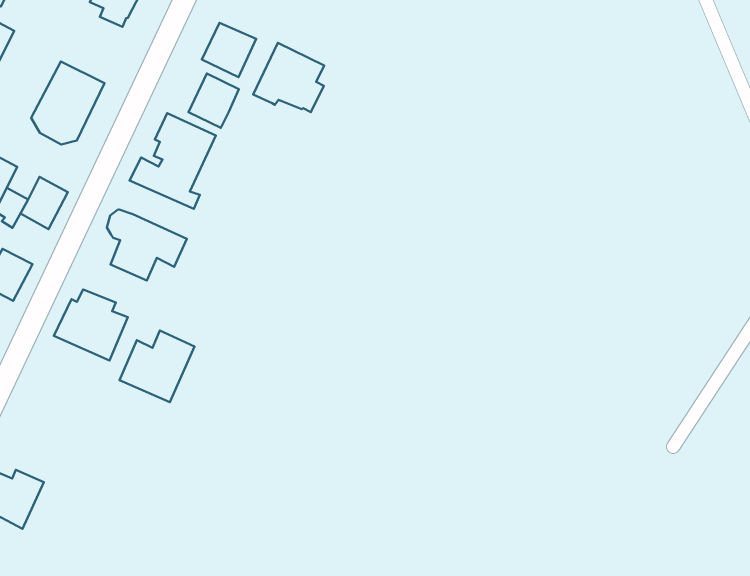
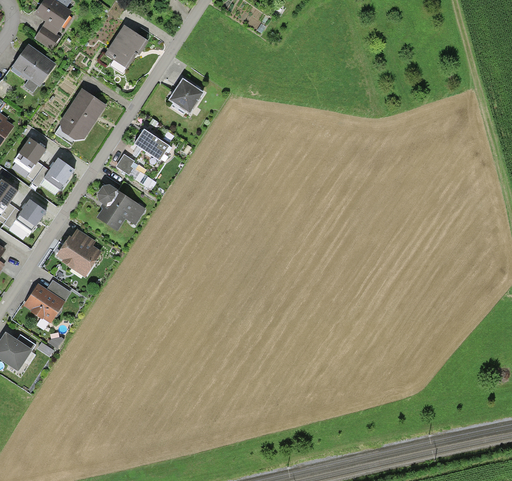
building: [253,43,324,112] -> none
building: [188,74,239,128] -> none
building: [120,330,195,402] -> [22,279,71,324]

